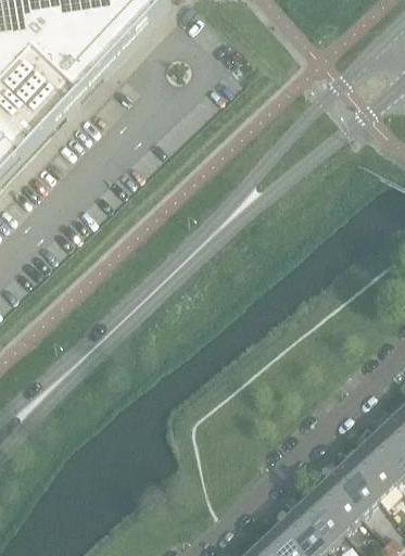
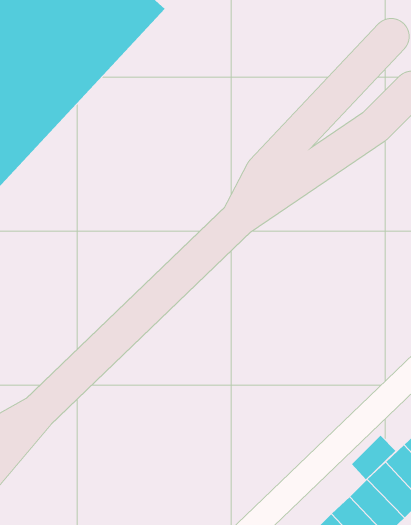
building: none -> [351,435,396,480]

